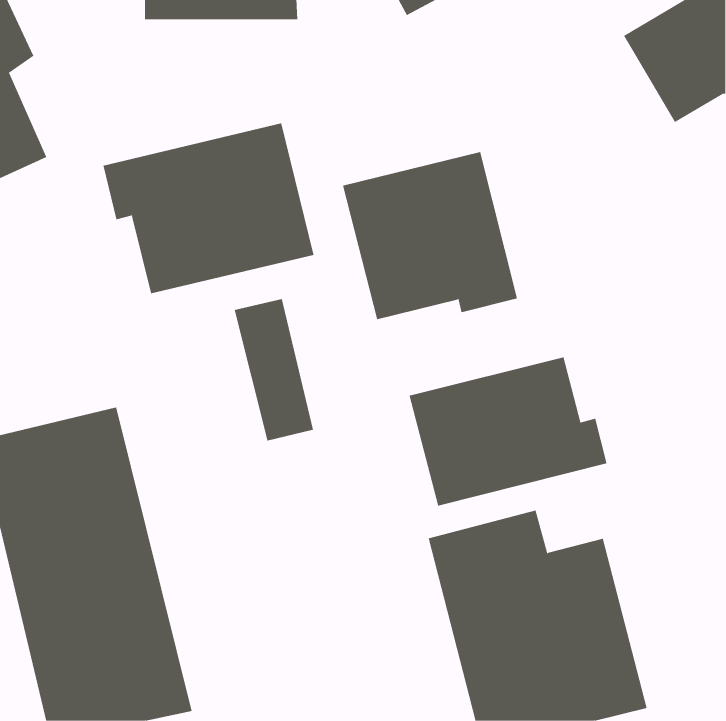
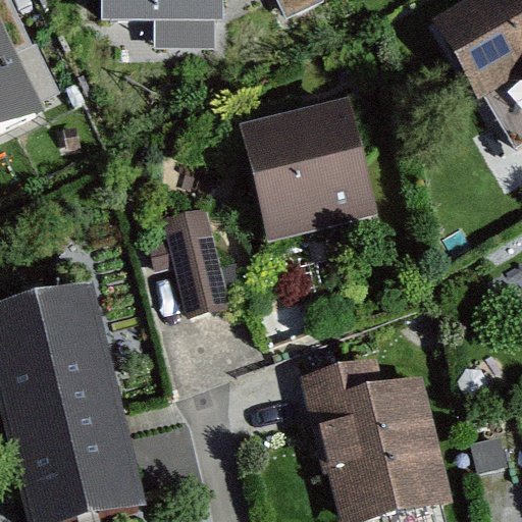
building: [103,122,314,294] -> none
building: [409,356,607,507] -> none

